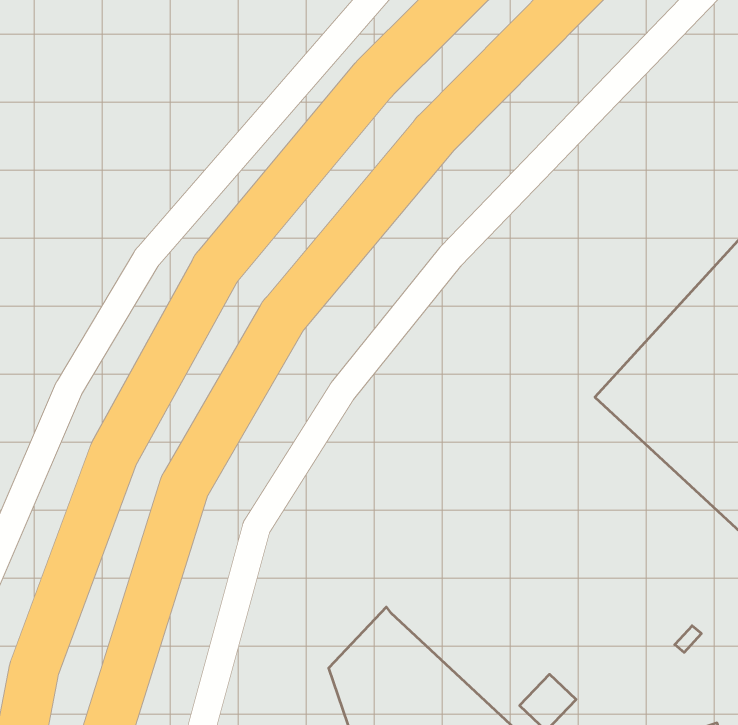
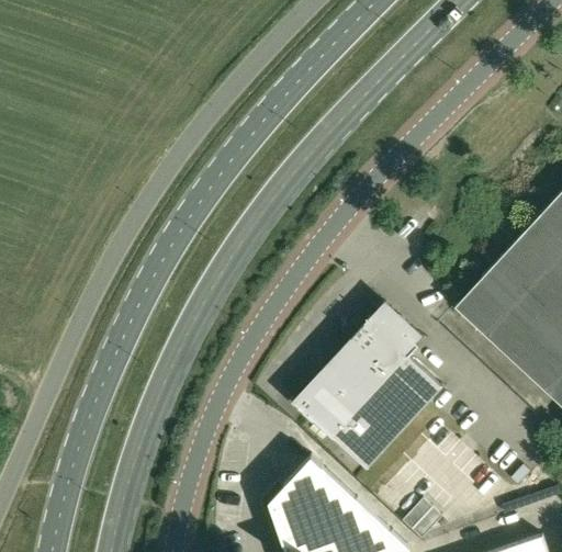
building: none -> [300,318,443,467]

